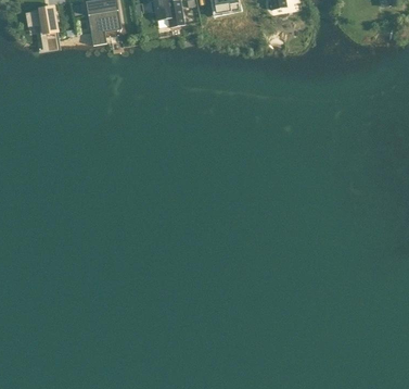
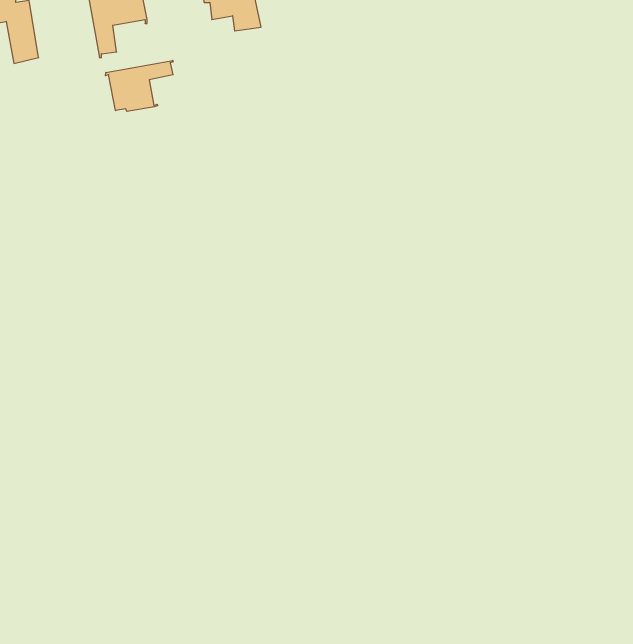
building: none -> [105,60,173,111]

